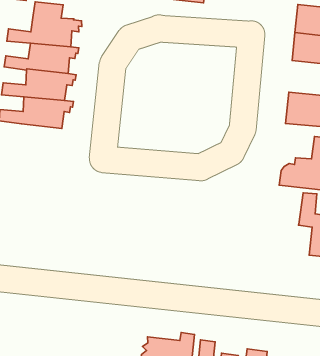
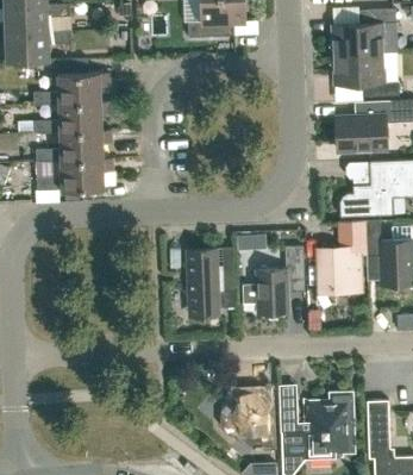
building: none -> [319,221,365,290]
building: none -> [184,250,234,318]
building: none -> [242,248,304,314]

